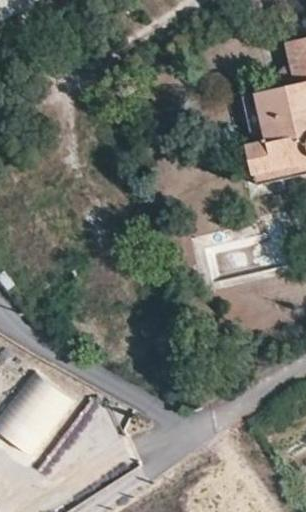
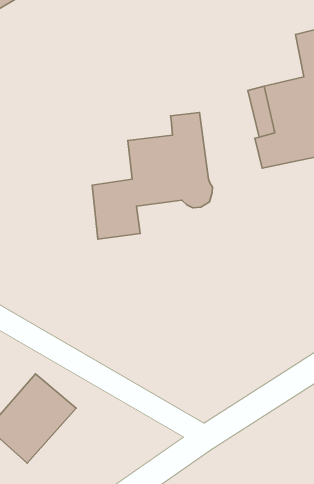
building: none -> [92,113,212,239]

